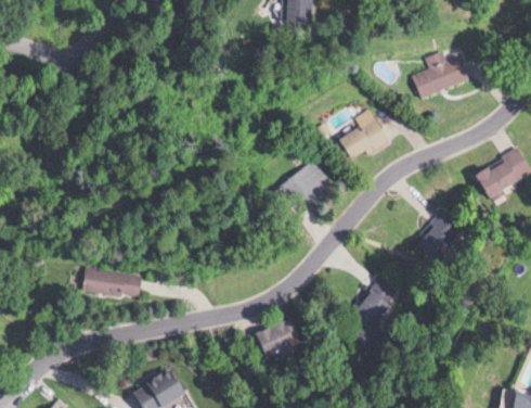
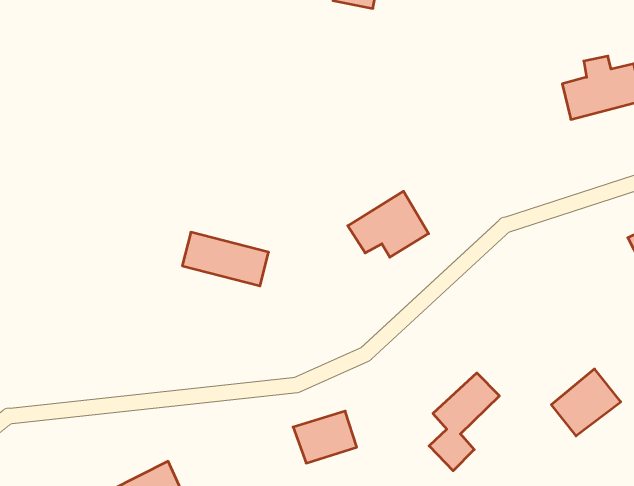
building: [338,115,388,163] -> none
building: [412,211,459,258] -> [551,369,621,436]
building: [85,268,143,299] -> [182,232,269,286]

